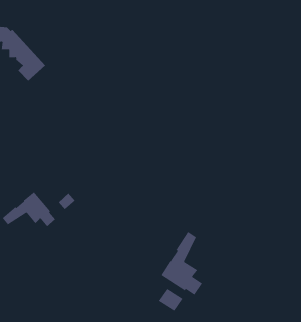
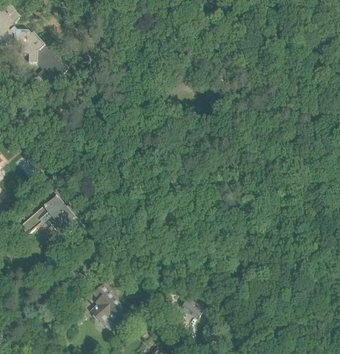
building: [161,231,203,295] -> none
building: none -> [87,279,124,322]

